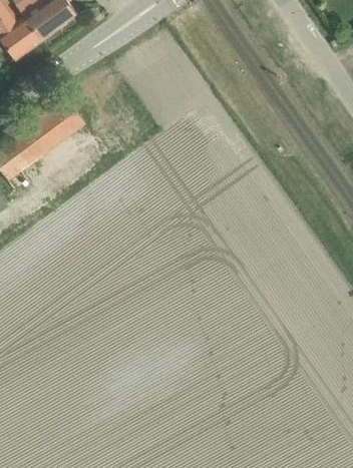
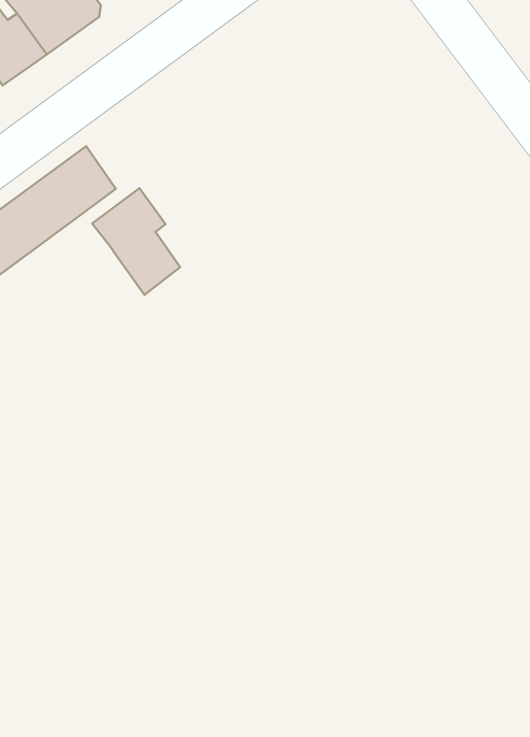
building: none -> [92,188,180,295]

